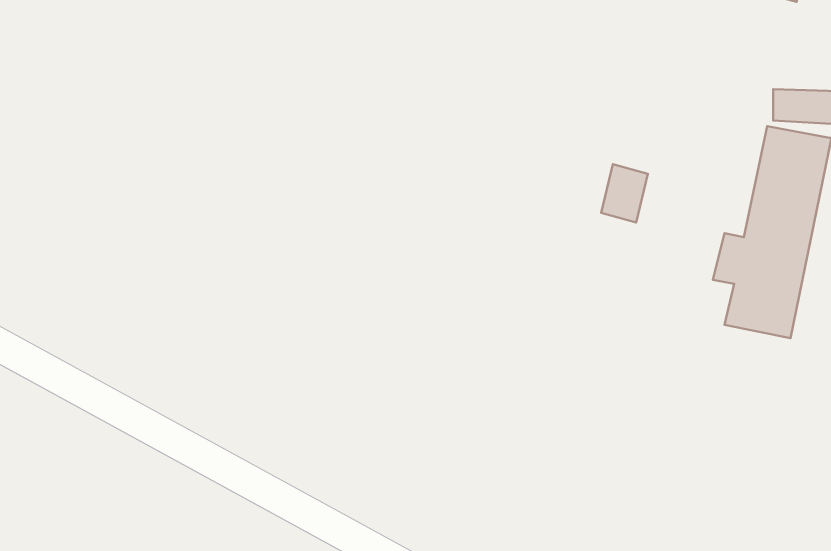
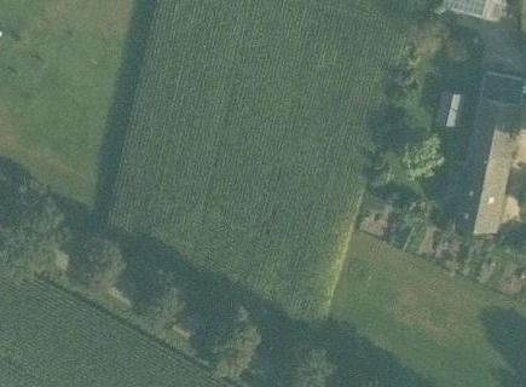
building: [601,164,648,223] -> [439,92,468,128]

